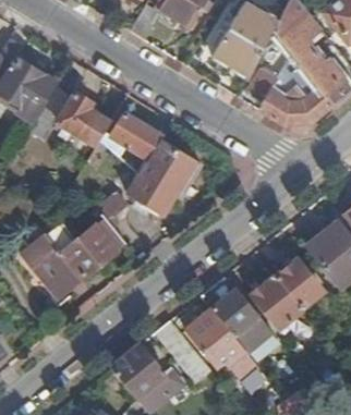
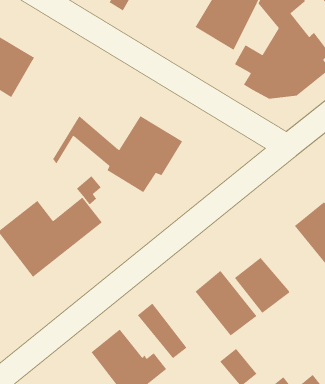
building: [33,87,110,146] -> none
building: [110,112,162,163] -> none
building: [276,259,324,308] -> none
building: [186,309,246,368] -> none

